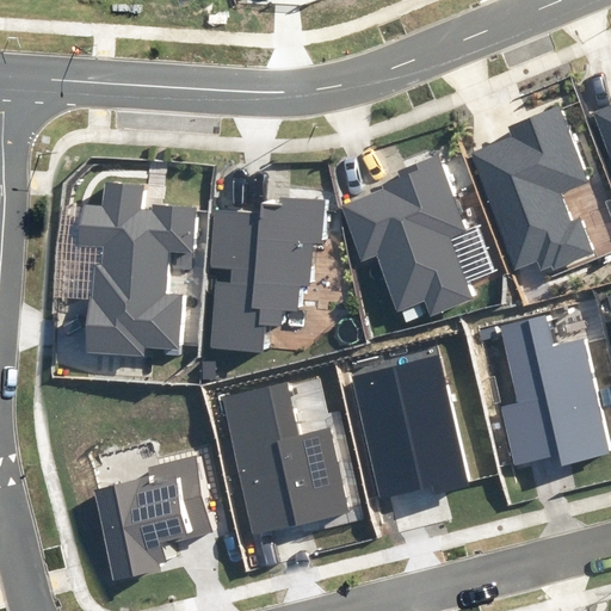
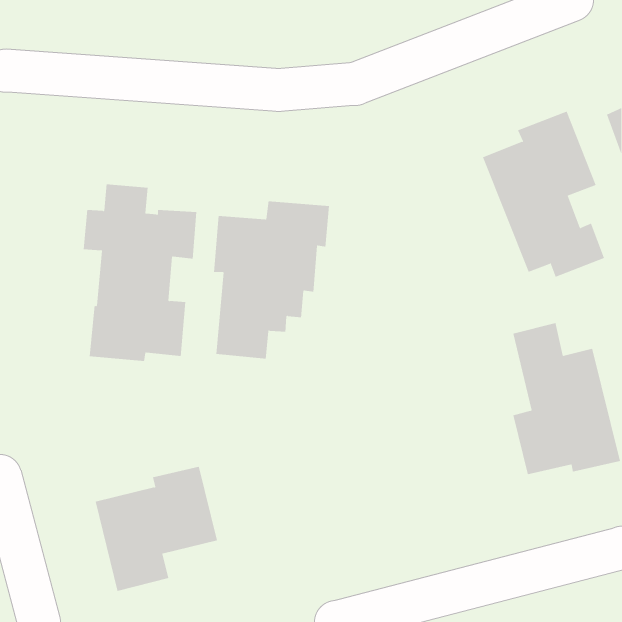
building: [338,158,473,314] -> none
building: [352,357,469,496] -> none
building: [223,384,348,535] -> none

